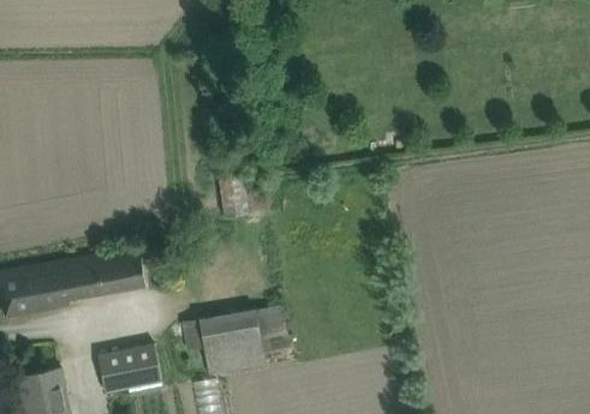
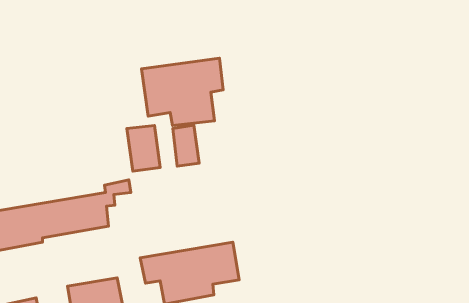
building: none -> [141,58,223,125]
building: none -> [127,126,160,171]

